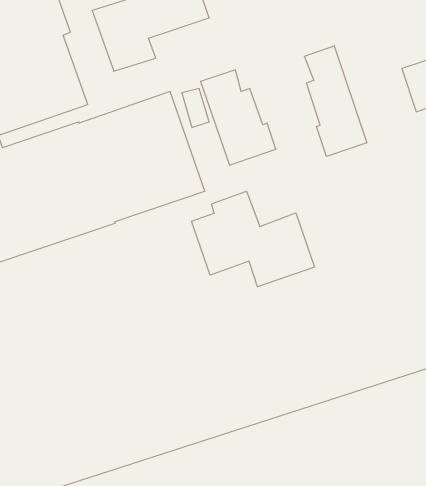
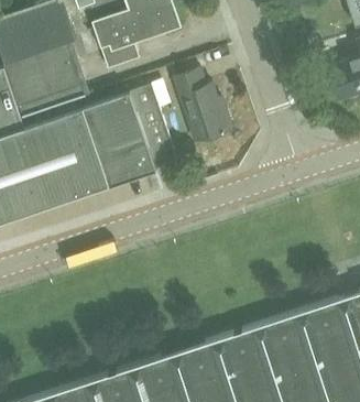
building: [304,46,367,156] -> none
building: [192,191,314,287] -> none

